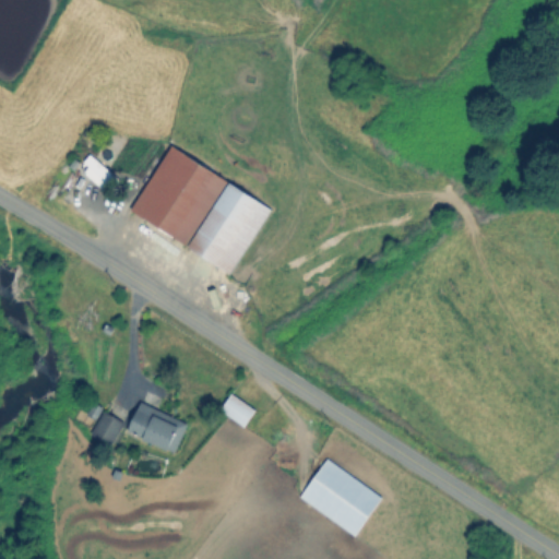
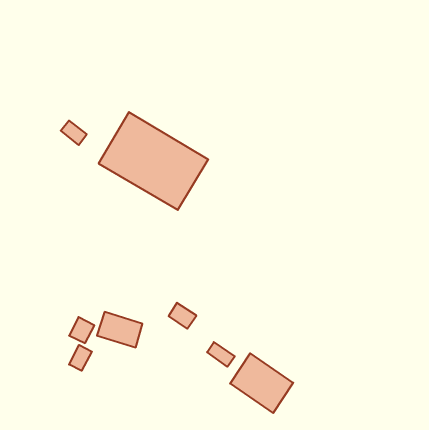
building: none -> [207,342,235,367]
building: none -> [69,345,92,371]

